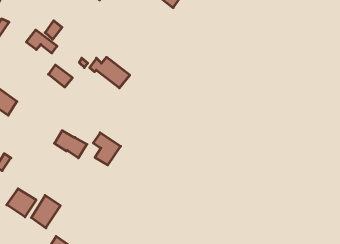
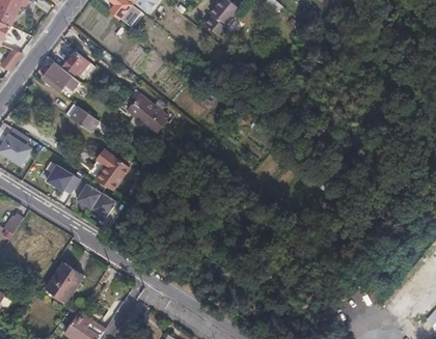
building: none -> [45,165,73,192]
building: [93,133,121,165] -> [90,149,124,189]
building: [7,189,36,217] -> none

